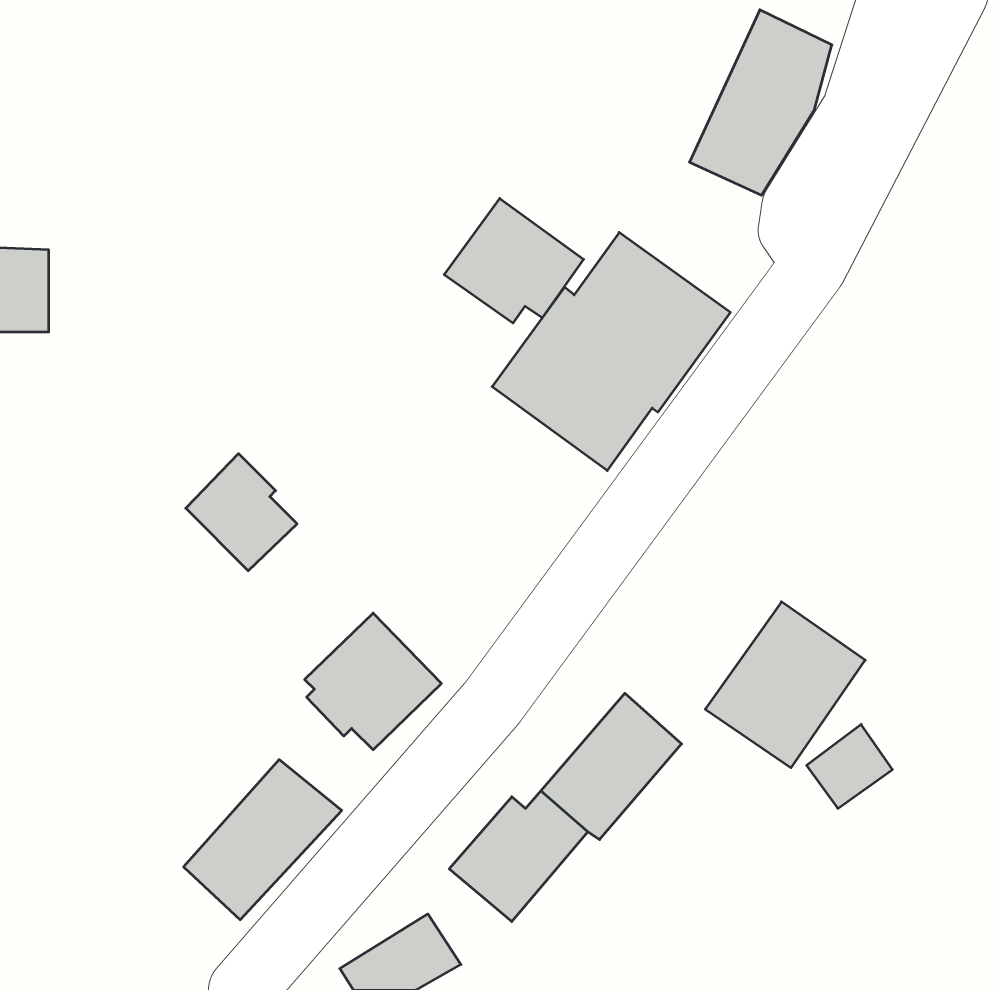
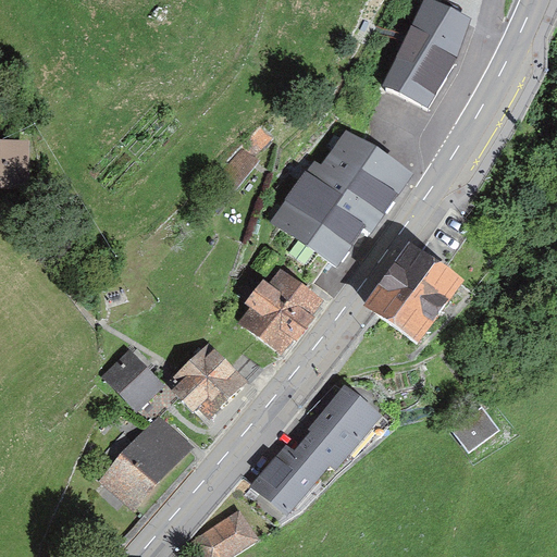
building: [444,198,584,323] -> none
building: [186,454,297,571] -> [101,344,163,409]
building: none -> [238,269,320,352]
building: [705,602,865,768] -> [372,248,461,341]

